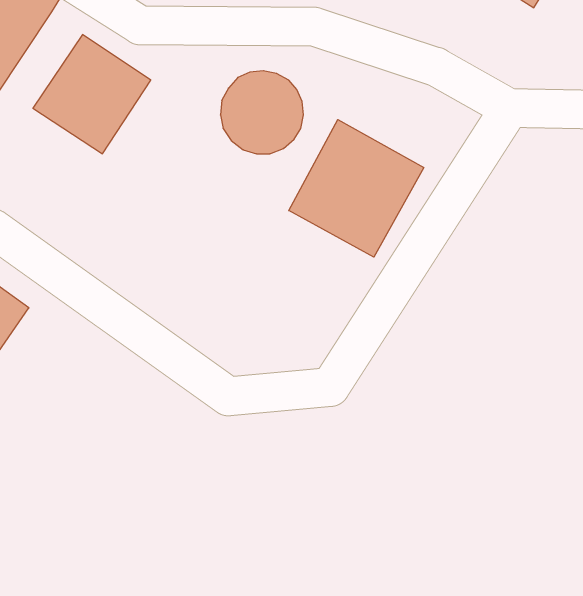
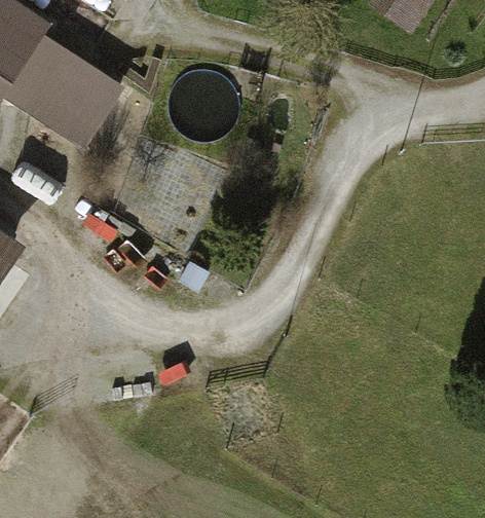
building: [289,120,424,257] -> none

